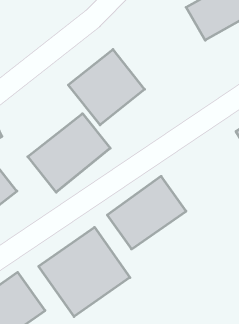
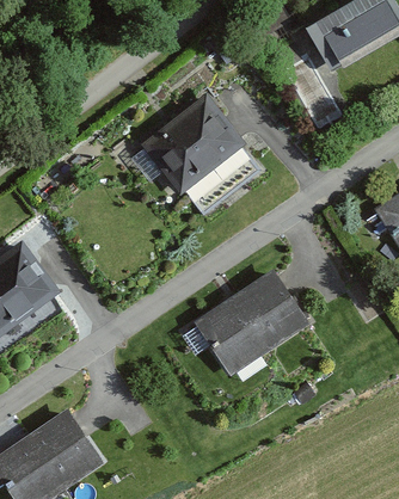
building: [28,114,110,192] -> none
building: [39,227,130,317] -> none

